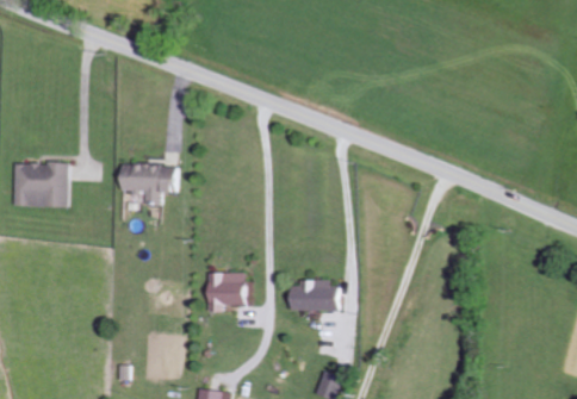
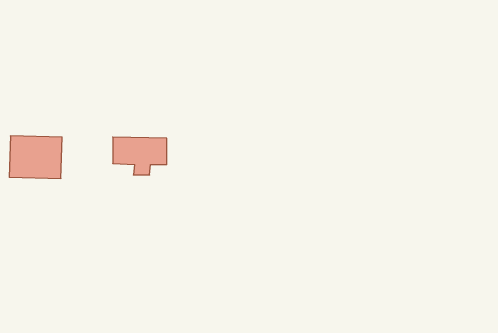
building: [206,272,244,311] -> none
building: [288,279,337,311] -> none

